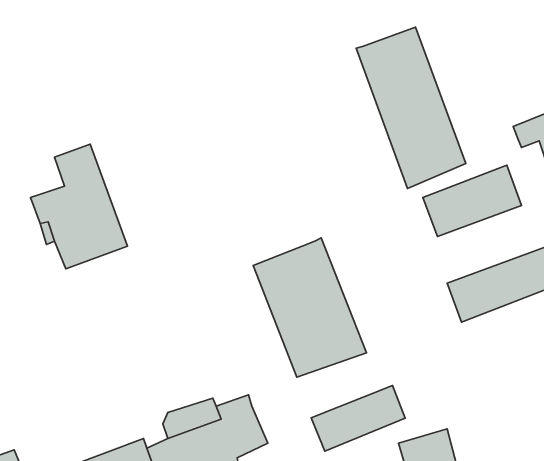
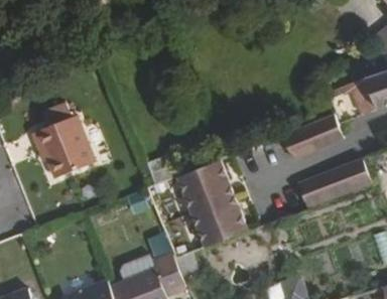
building: [356,27,466,189] -> none
building: [311,386,405,451] -> none

